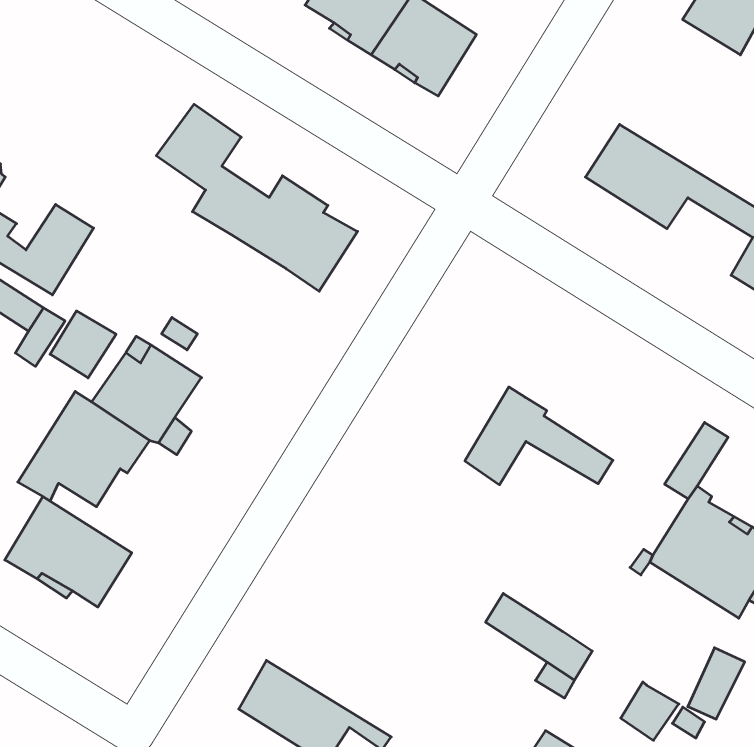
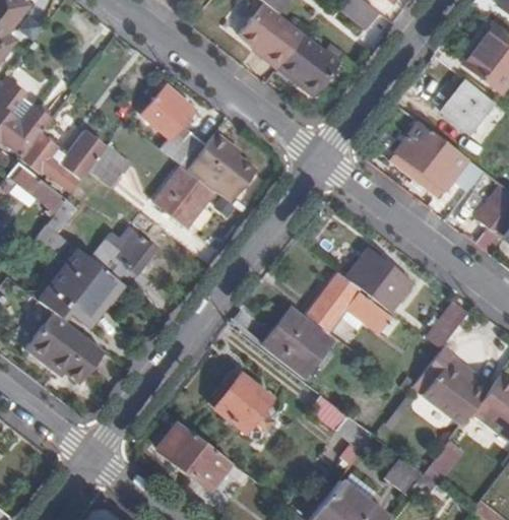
building: none -> [442,81,493,132]
building: none -> [155,167,212,225]
building: [50,311,116,378] -> [87,146,128,187]
building: none -> [347,253,408,311]
building: none -> [264,311,330,377]
building: none -> [215,375,272,441]

